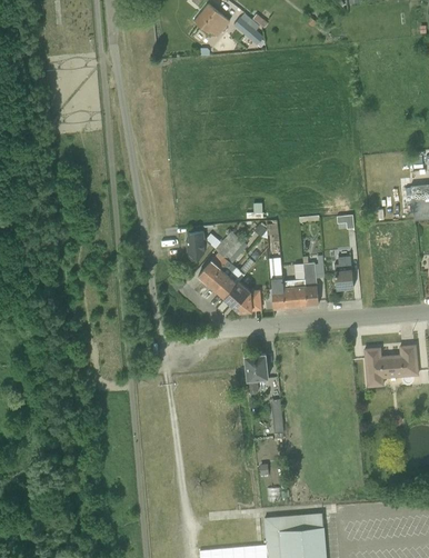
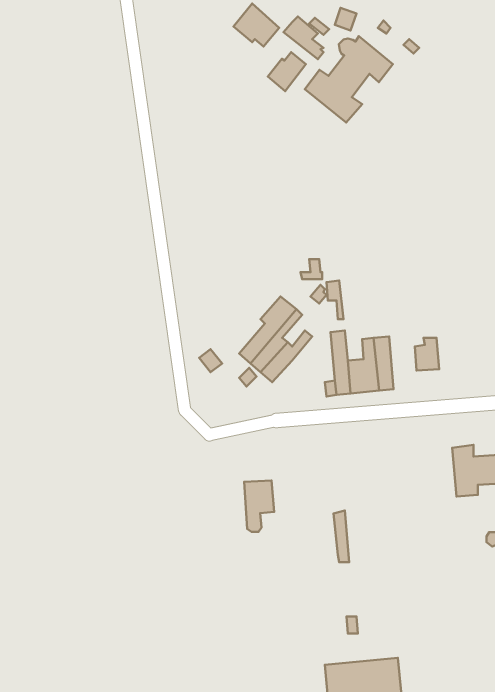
building: none -> [305,36,393,122]
building: none -> [268,52,306,91]
building: [187,231,211,260] -> none
building: [225,281,261,311] -> none
building: [246,353,269,393] -> [244,480,274,532]

